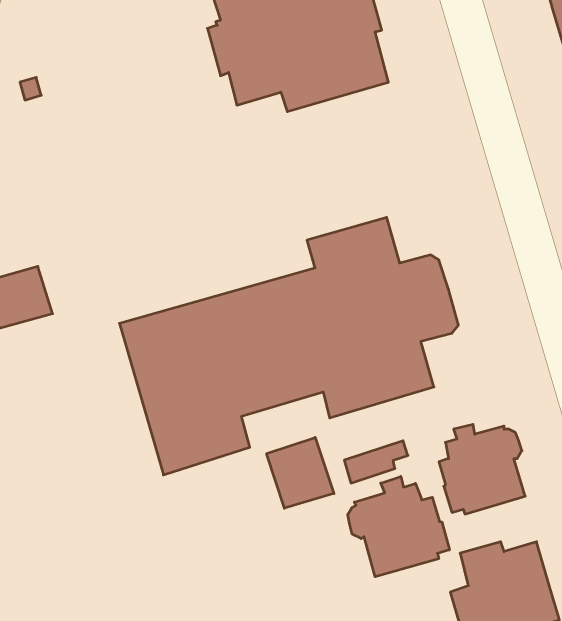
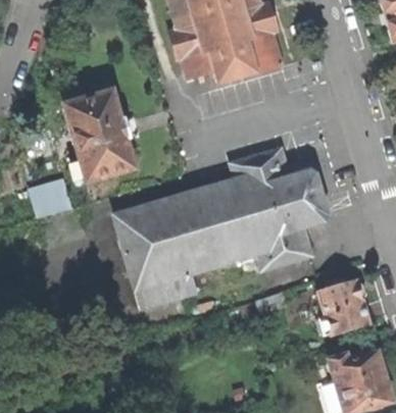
building: none -> [63,89,136,183]
building: [267,437,334,508] -> none
building: [348,476,449,577] -> none

